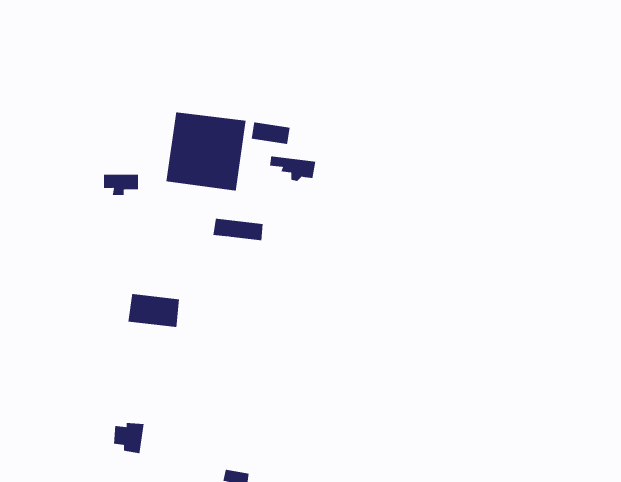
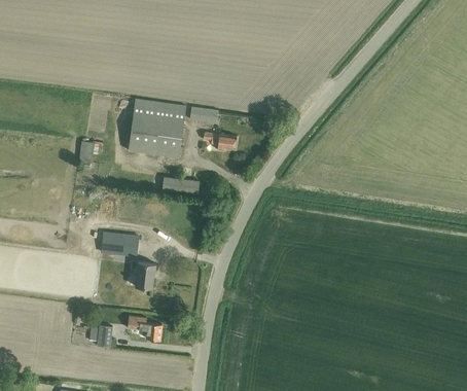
building: none -> [135,262,155,289]
building: none -> [127,316,161,342]

